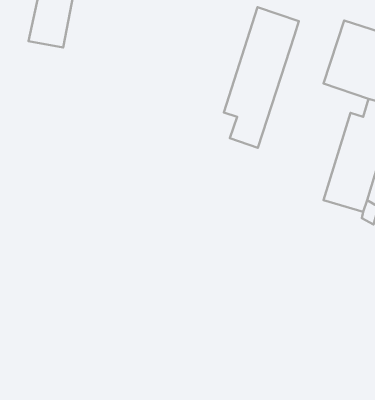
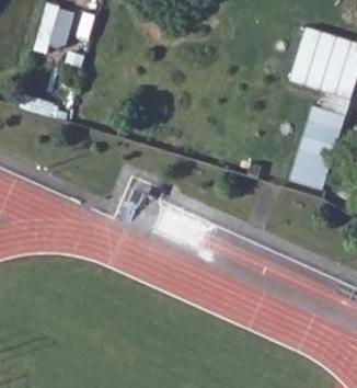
building: [224,7,299,148] -> none

